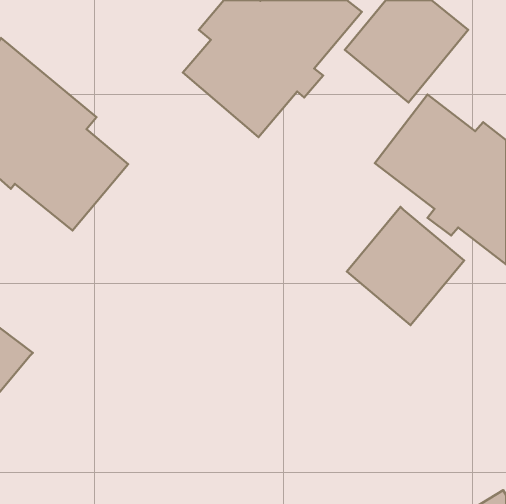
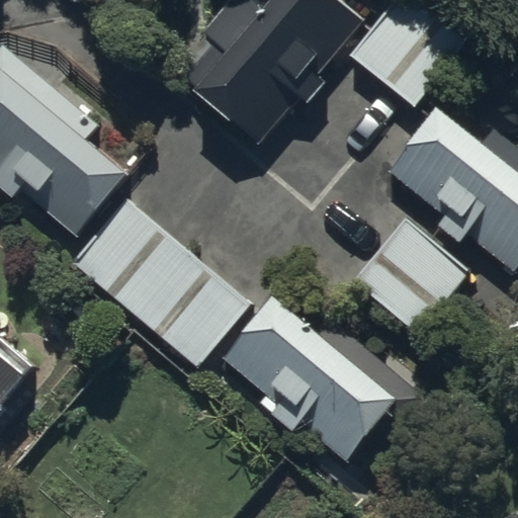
building: none -> [71,198,250,367]
building: none -> [213,290,427,462]

